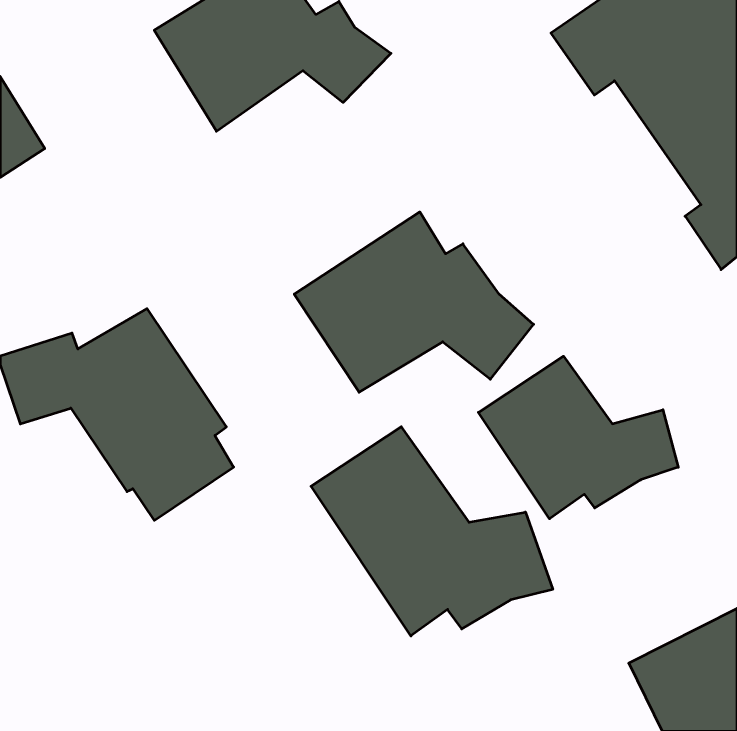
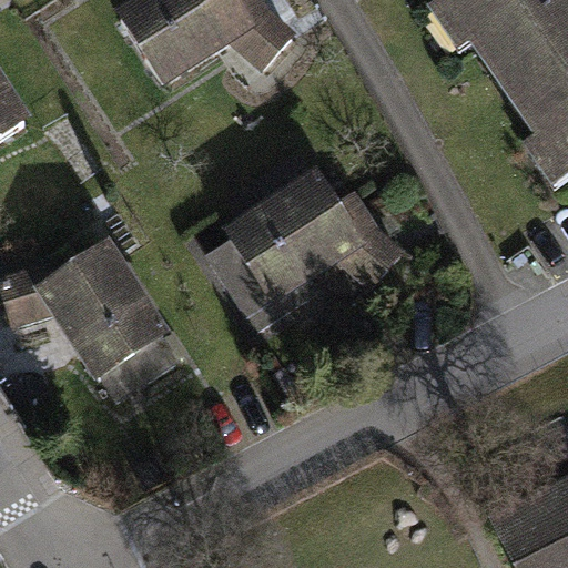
building: [478,356,678,519] -> none
building: [311,427,553,636] -> none

